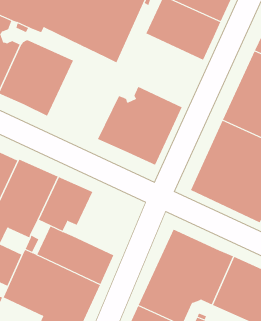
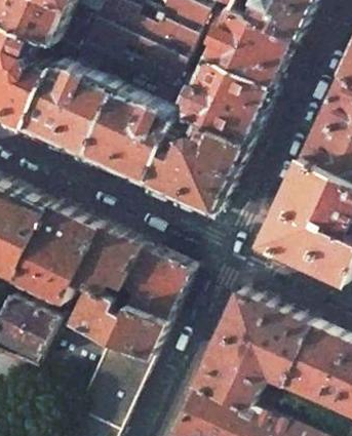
building: none -> [182,56,274,146]
building: none -> [84,71,174,185]
building: none -> [115,248,190,325]

